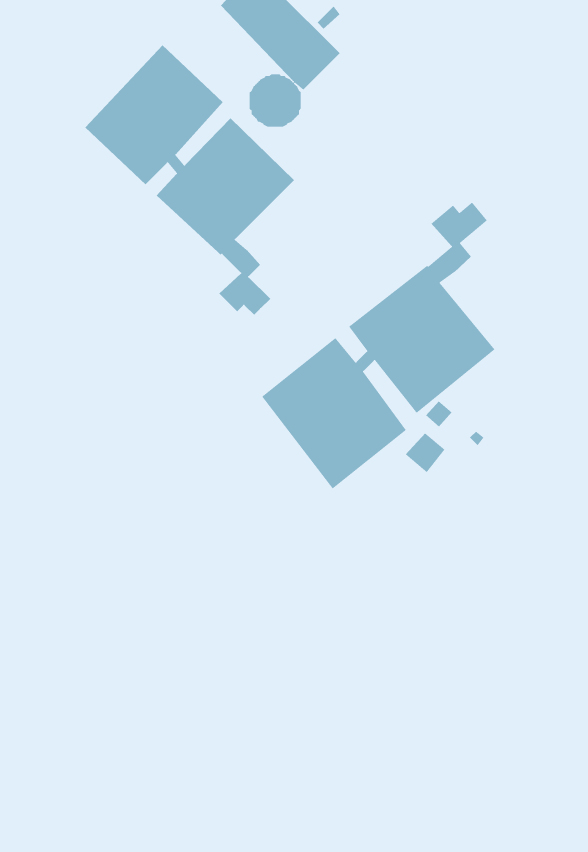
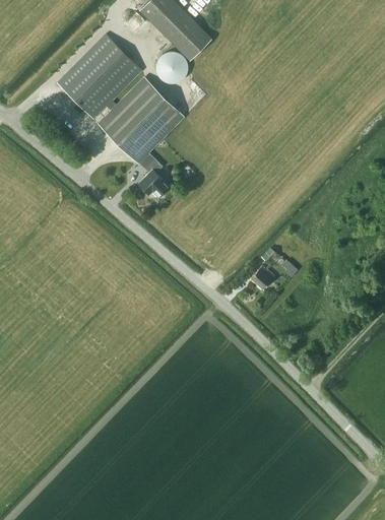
building: [261,202,495,489] -> none

